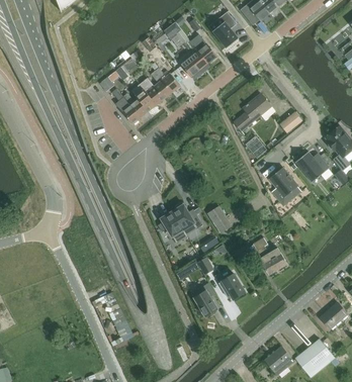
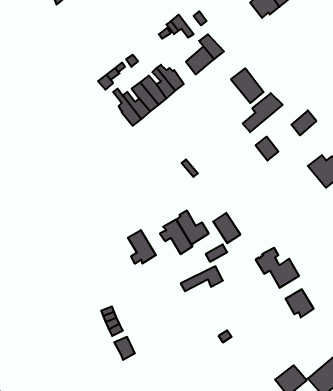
building: [208,16,239,49] -> [231,68,264,103]
building: [269,167,301,201] -> none
building: none -> [128,230,156,264]
building: [218,273,245,299] -> [285,289,314,318]
building: [192,283,217,315] -> none

